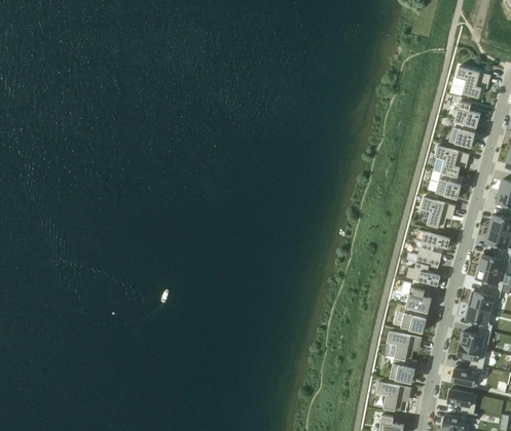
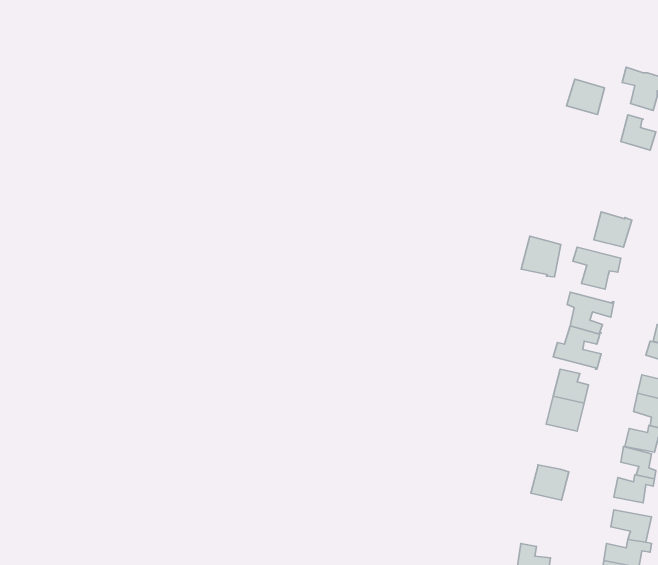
building: [448,121,476,147] -> [566,79,604,114]
building: [434,147,469,178] -> none
building: none -> [521,236,561,277]
building: [387,331,421,360] -> none
building: [375,382,410,412] -> none

